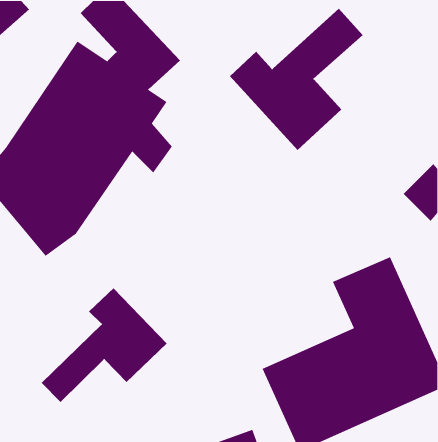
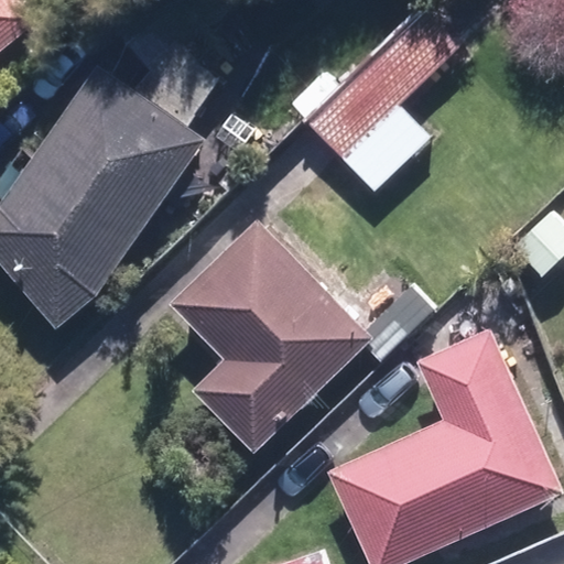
building: none -> [170,219,372,453]
building: [41,288,167,403] -> none

